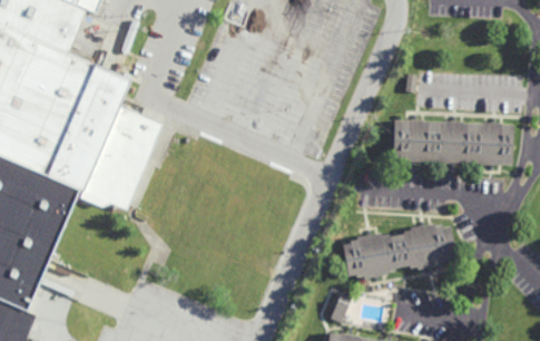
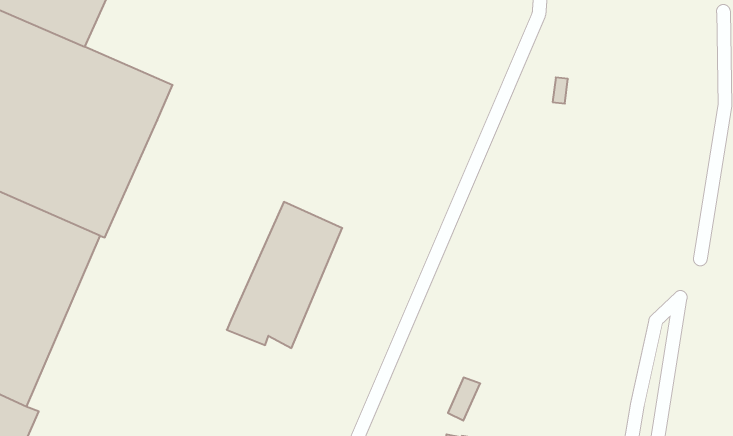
building: [78,105,161,211] -> [227,202,342,348]
building: [392,119,513,165] -> none
building: [342,224,455,279] -> none

